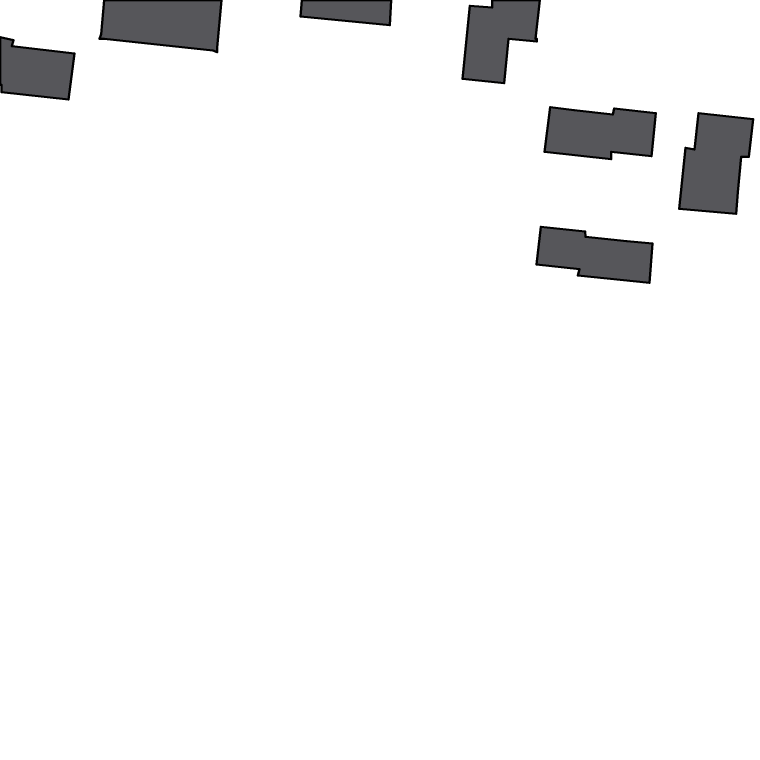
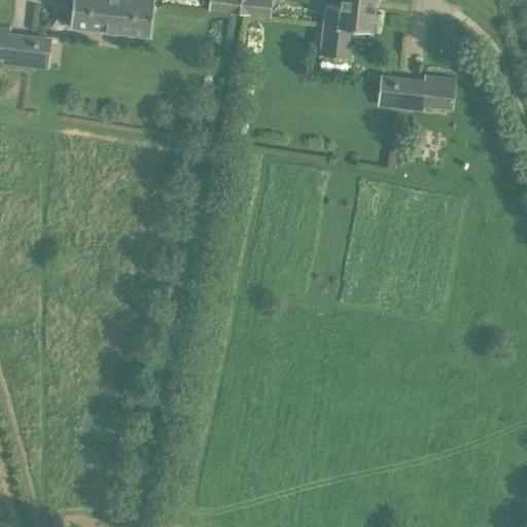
building: [679,113,753,214] -> none
building: [536,227,652,283] -> none

